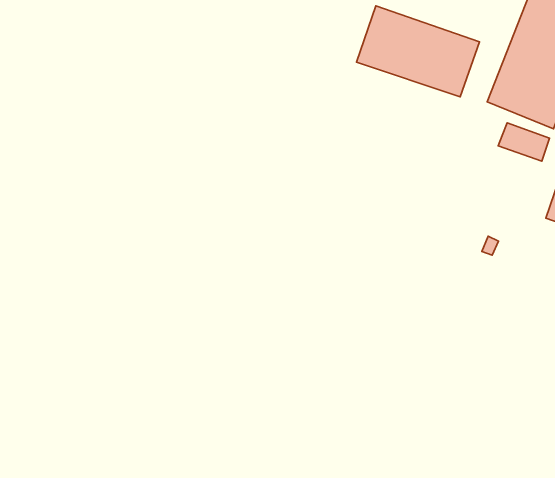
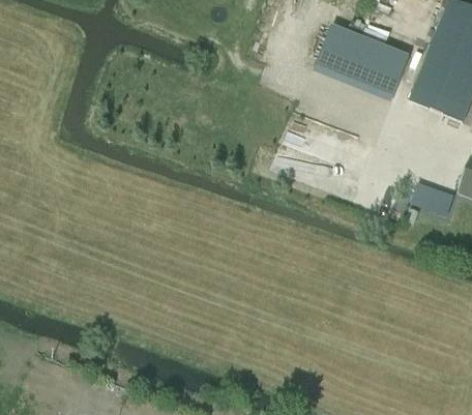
building: [498,123,549,161] -> [413,185,454,216]

